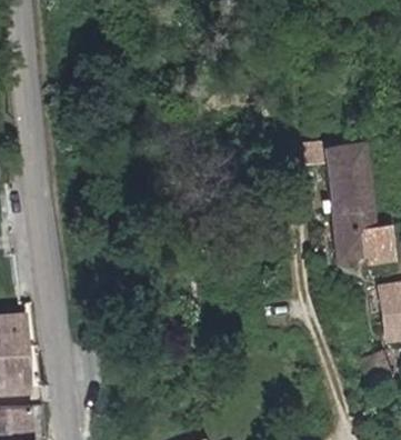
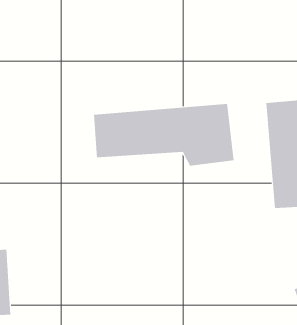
building: none -> [93,103,234,167]

